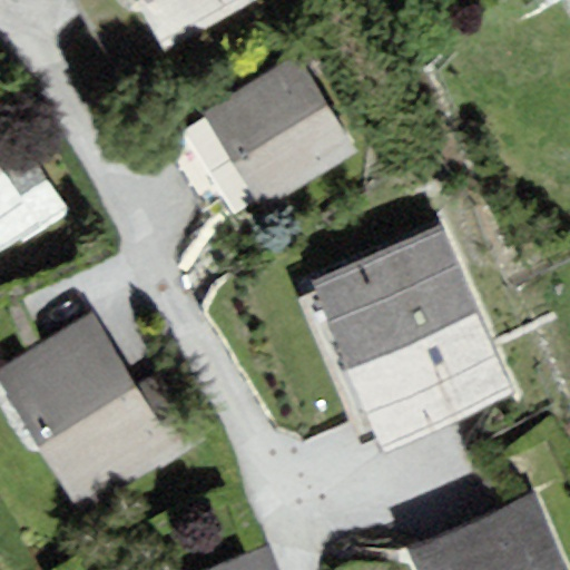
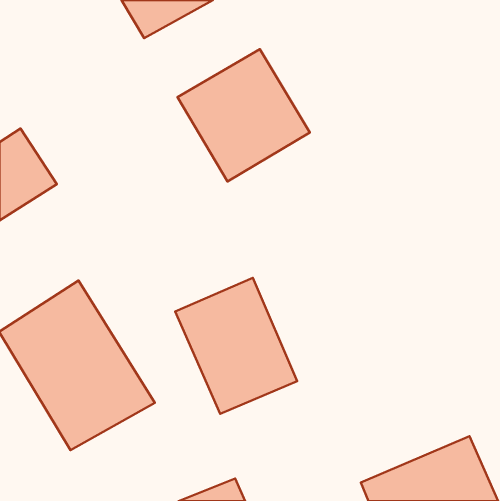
building: [312,229,509,444] -> none
building: none -> [175,278,297,414]

